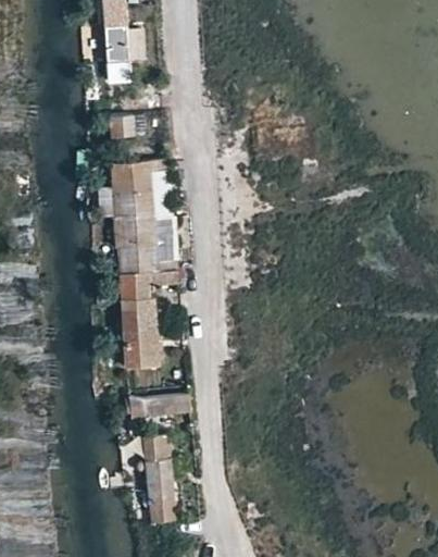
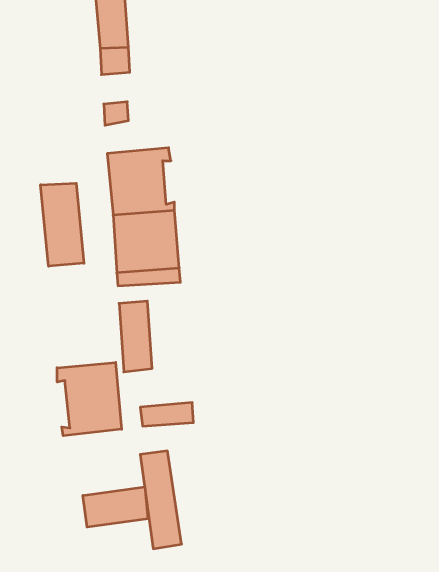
building: none -> [41,183,84,266]
building: none -> [57,362,122,436]
building: none -> [83,487,148,527]

